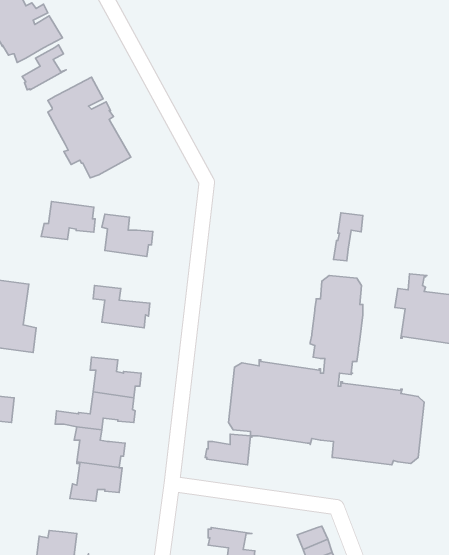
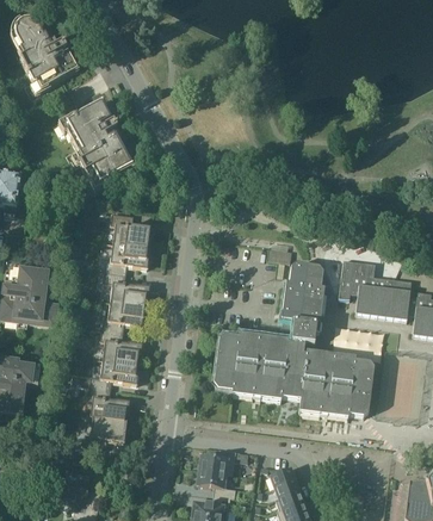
building: [22,45,66,90] -> none
building: [41,201,95,239] -> [105,241,149,272]
building: [334,213,363,261] -> [339,258,363,297]
building: none -> [103,299,146,330]
building: [205,434,251,465] -> [199,447,236,472]

